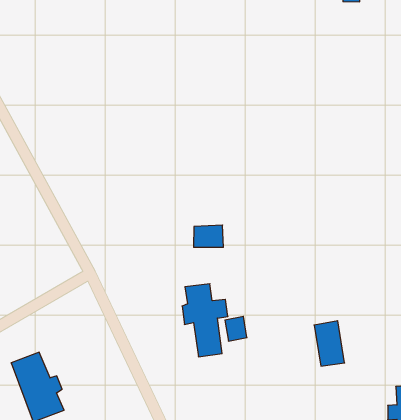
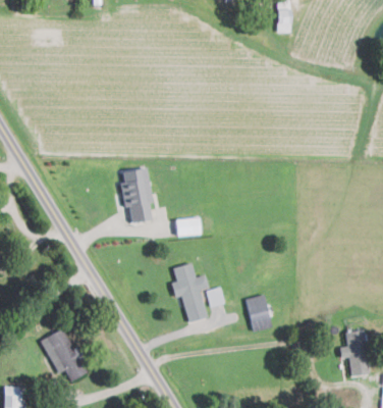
building: none -> [121,167,152,222]
building: [314,321,345,366] -> [245,294,272,330]

